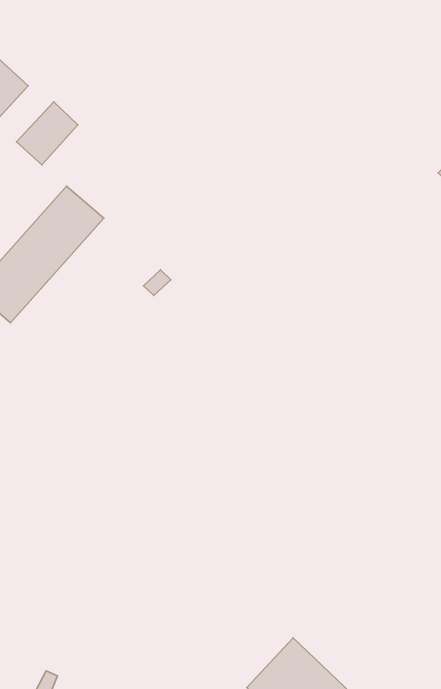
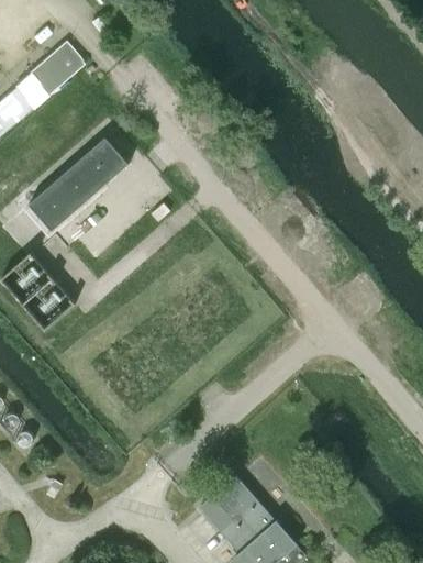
building: [16,102,78,165] -> none

